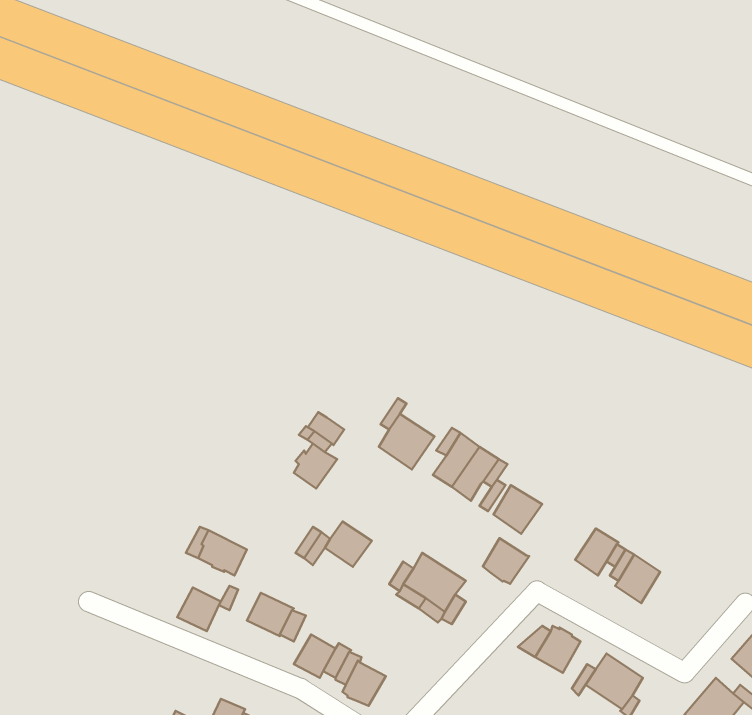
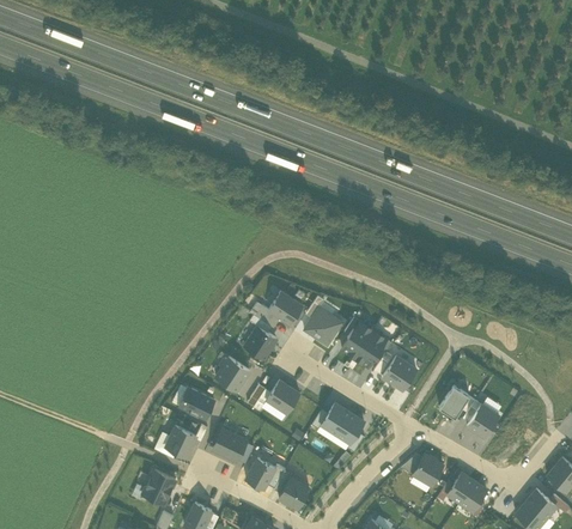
building: none -> [268,292,302,324]
building: none -> [215,358,249,391]
building: [483,538,529,584] -> none
building: none -> [142,470,175,505]

